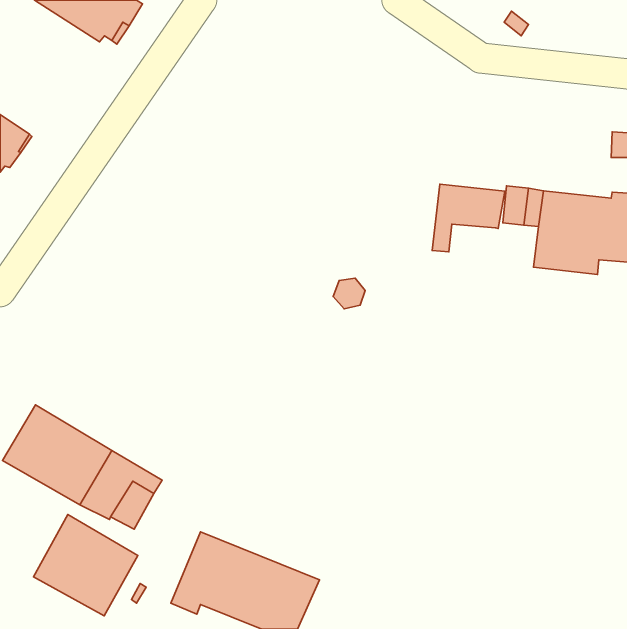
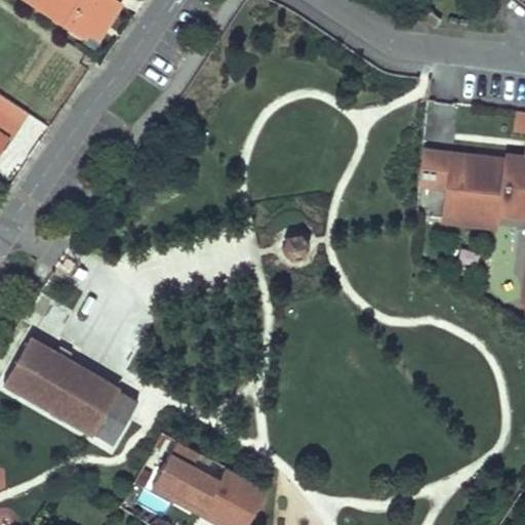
building: [432,184,505,252] -> none
building: [34,515,138,616] -> none

